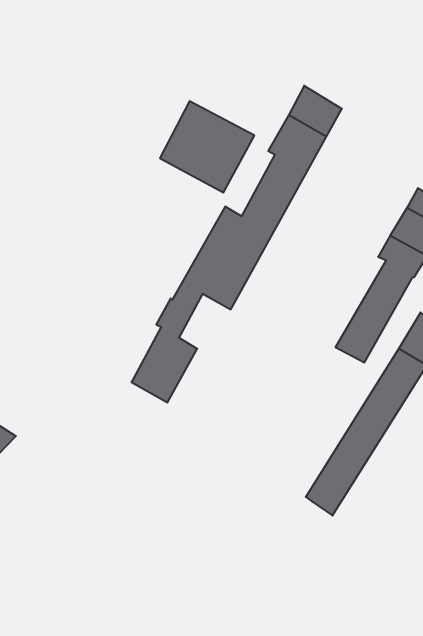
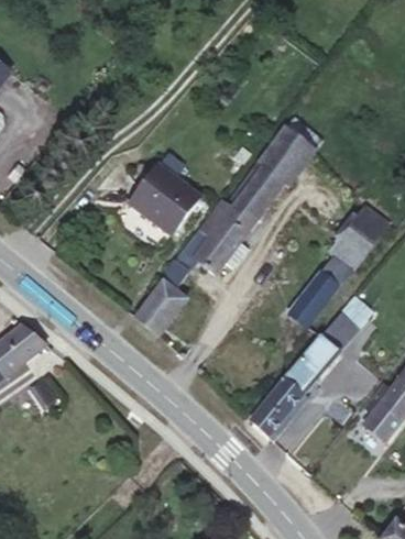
building: [160,101,254,193] -> [130,164,201,234]

